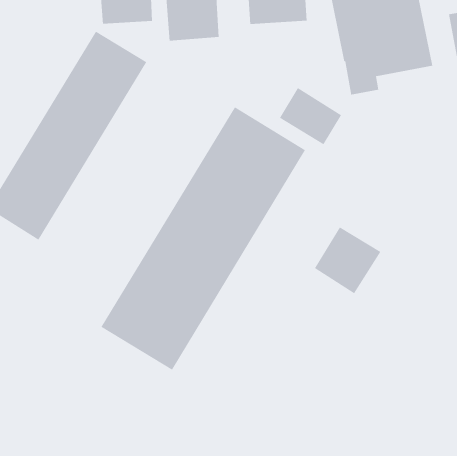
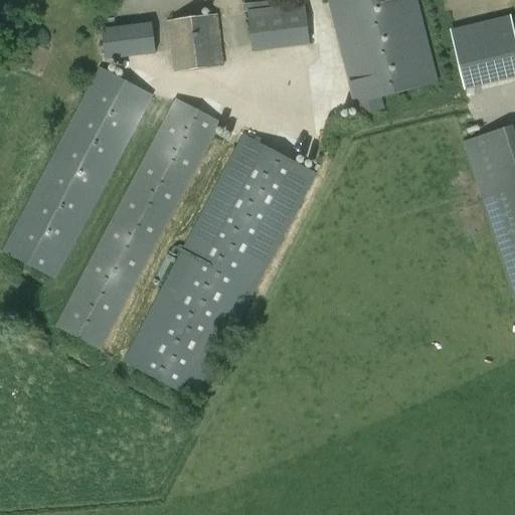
building: none -> [55,97,221,349]
building: [279,87,342,145] -> none
building: [314,226,381,294] -> none

